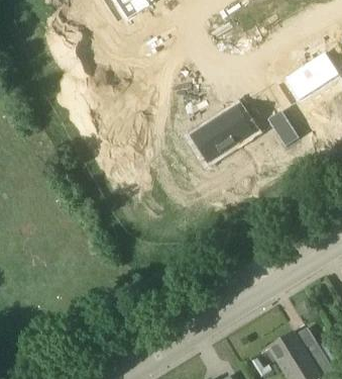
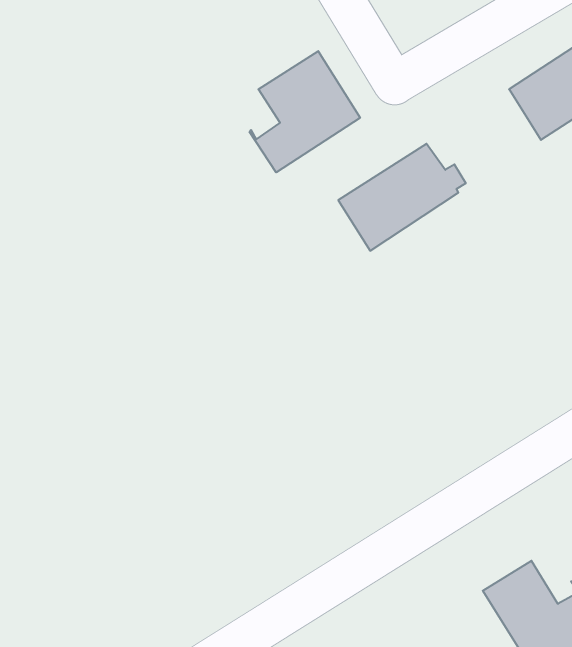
building: none -> [250,51,360,172]
building: [266,111,297,144] -> none

